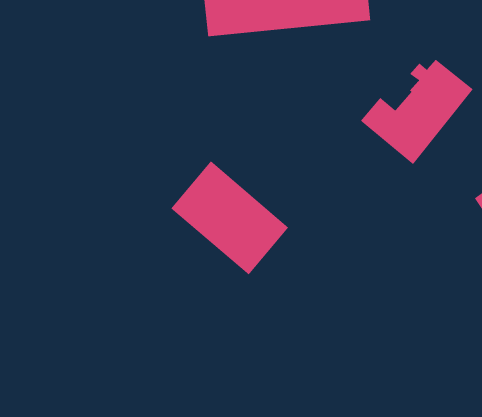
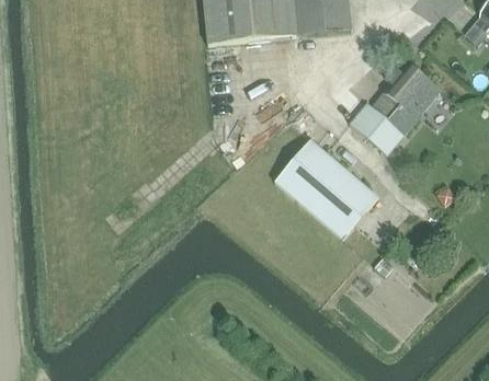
building: [170,160,289,275] -> [274,139,377,239]

